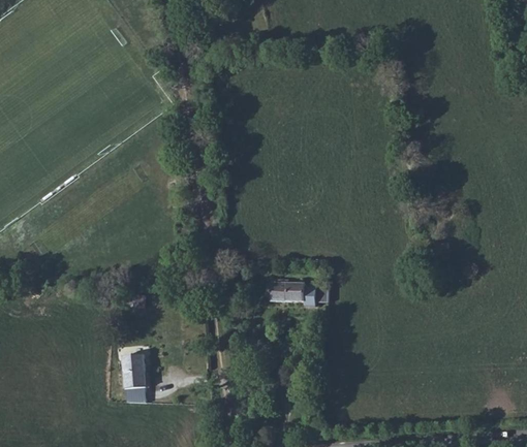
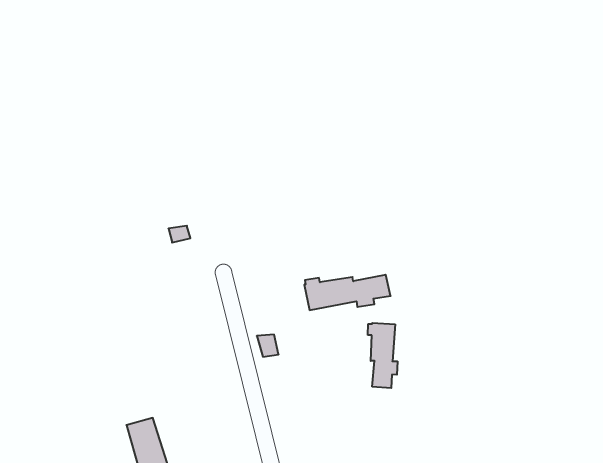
building: none -> [368,323,397,388]

